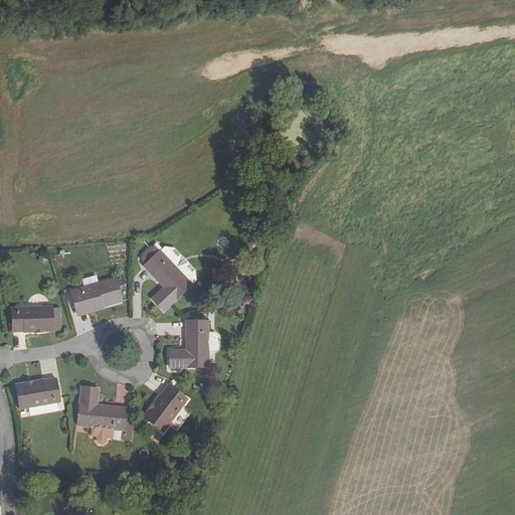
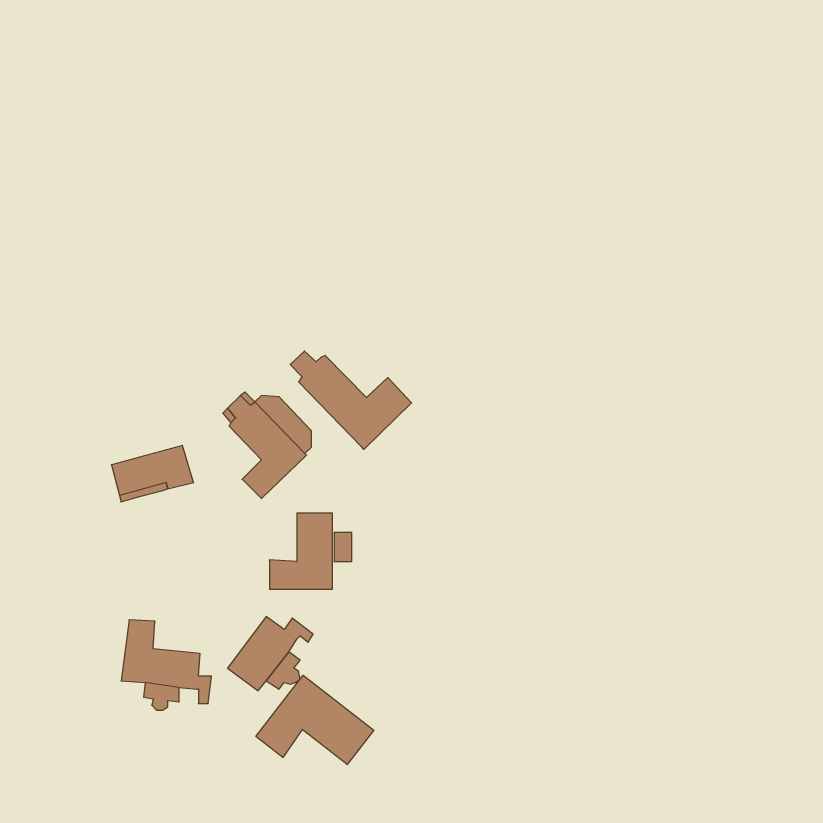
building: none -> [290,351,412,449]
building: [10,306,58,332] -> none
building: [14,377,58,408] -> none
building: none -> [256,675,374,765]

